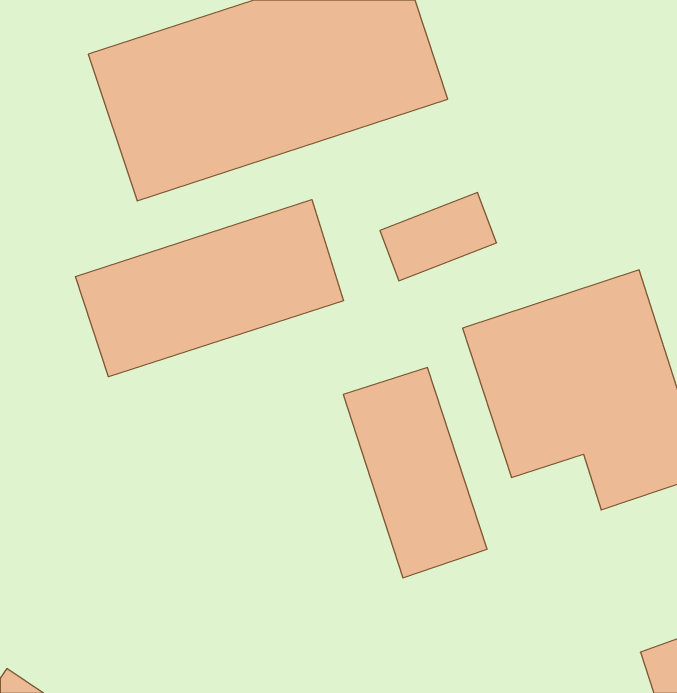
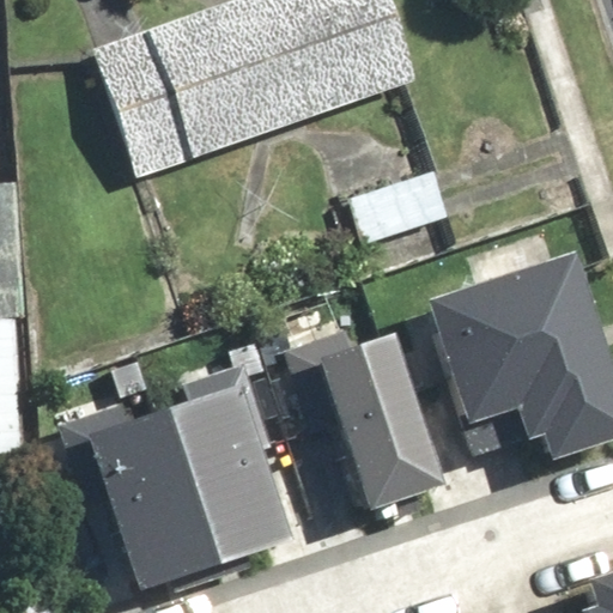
building: [75,200,343,377] -> none
building: none -> [85,377,296,587]

